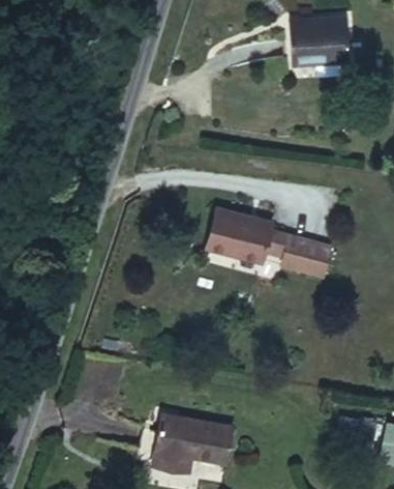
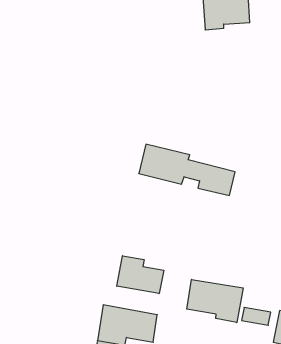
building: none -> [117,256,164,294]
building: none -> [187,279,243,323]

